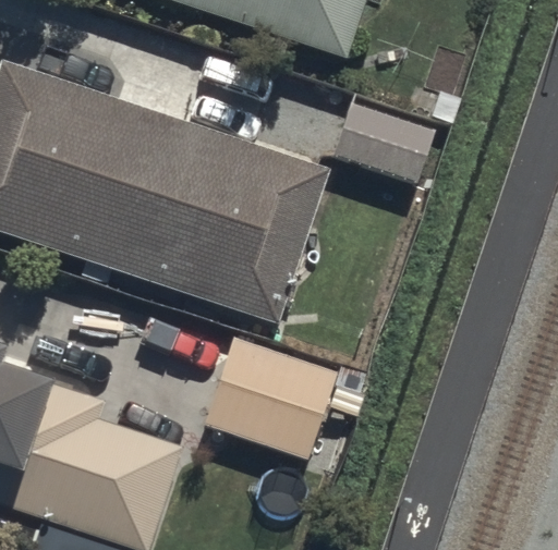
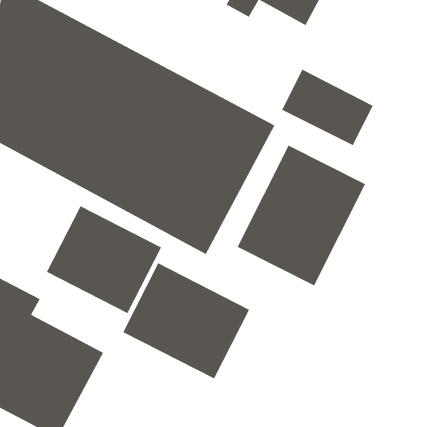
building: none -> [237,144,366,287]
building: none -> [46,205,162,314]

